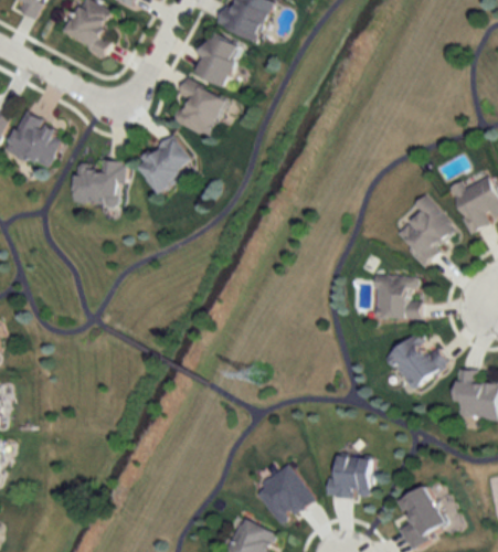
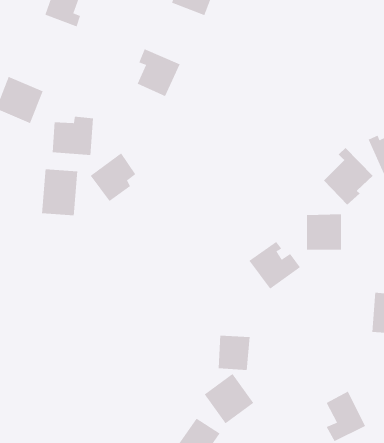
building: [191,32,242,86] -> none
building: [135,135,190,193] -> [90,153,136,202]
building: none -> [41,168,78,216]
building: [385,331,447,389] -> [249,241,301,290]
building: [332,455,371,497] -> [218,335,250,370]

